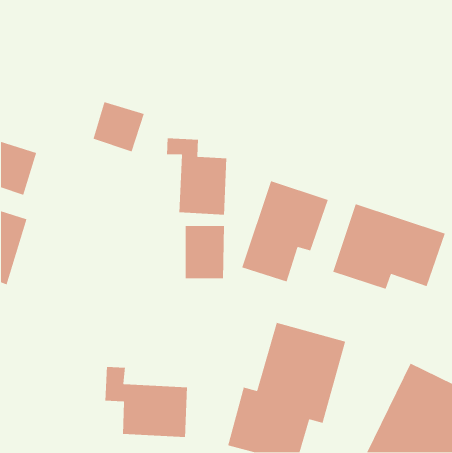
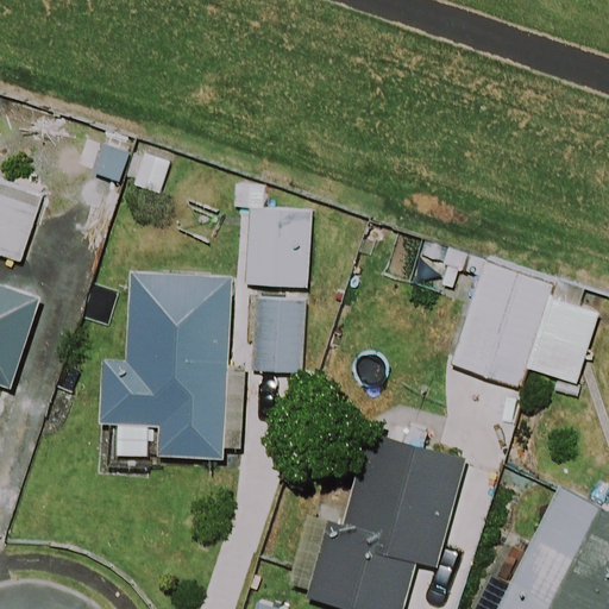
building: [241,180,329,282] -> none
building: none -> [118,271,243,460]
building: [105,366,188,438] -> none

